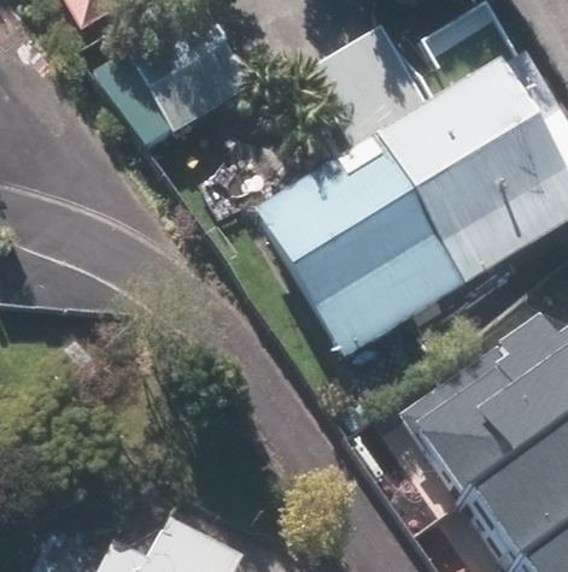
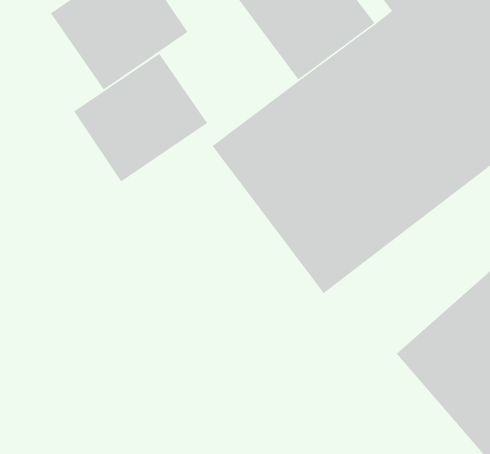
building: none -> [73,53,208,183]

